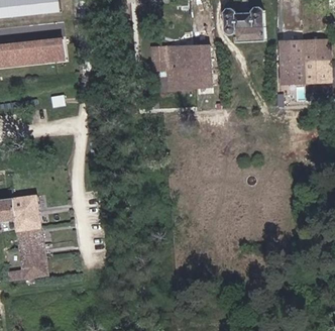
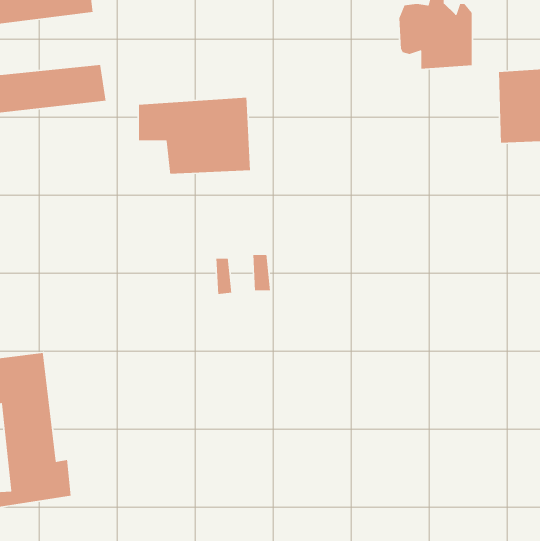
building: [152,45,214,88] -> [138,97,251,174]

